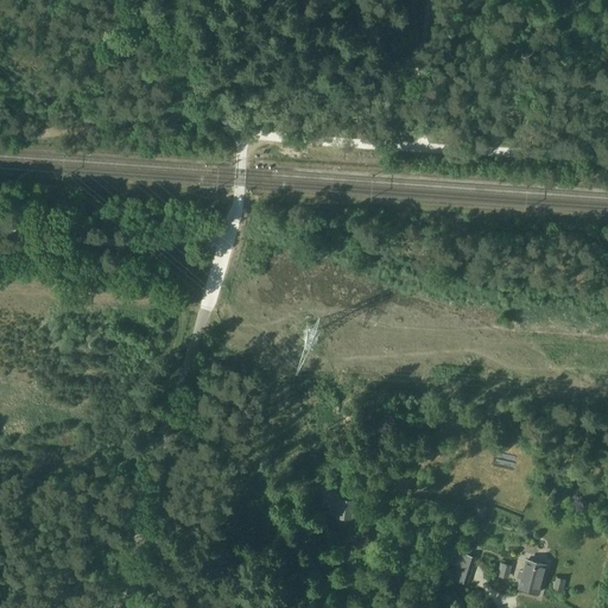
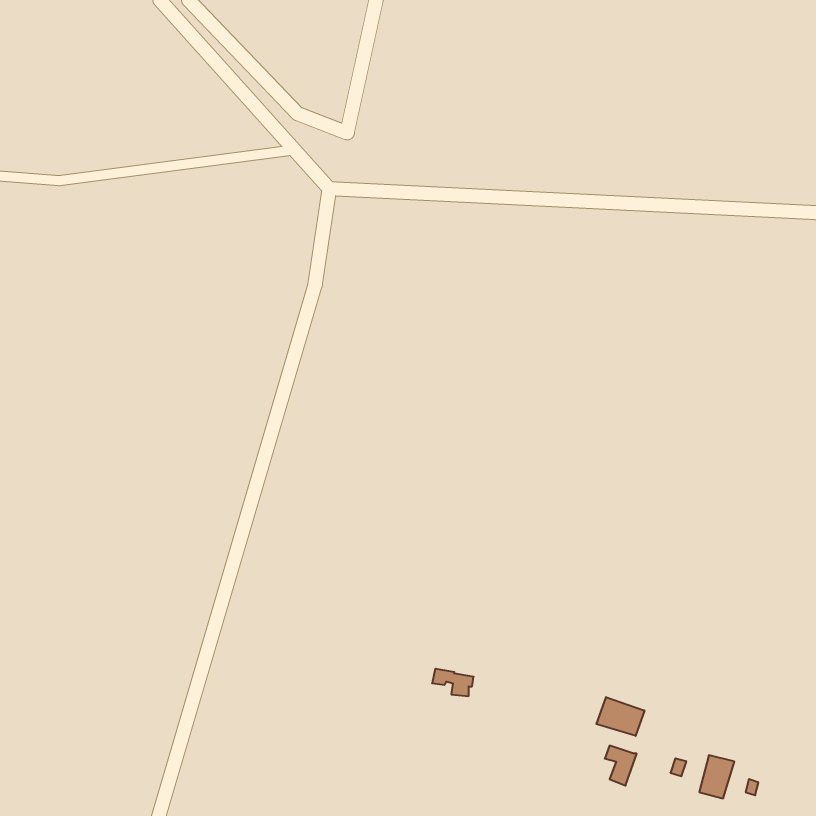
building: none -> [596,697,644,736]

